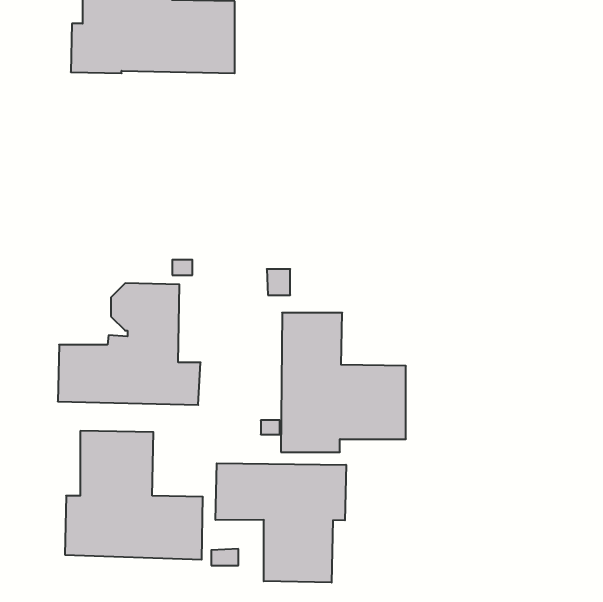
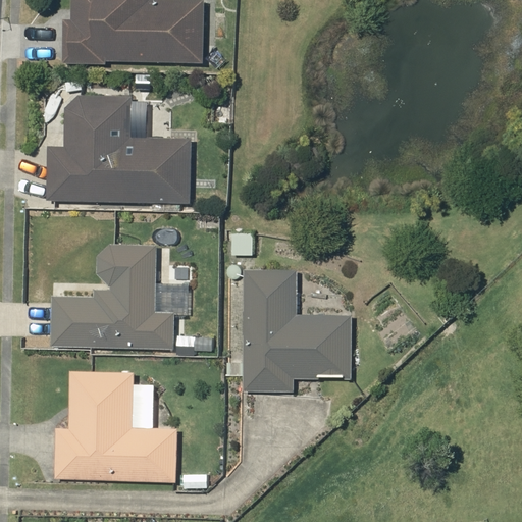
building: none -> [46,95,190,205]
building: [216,463,346,583] -> none

